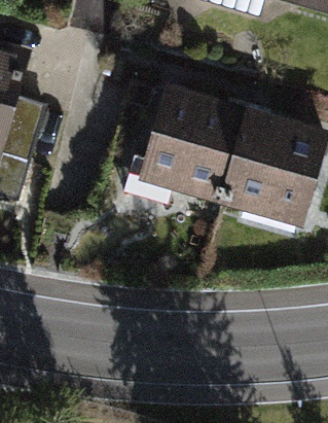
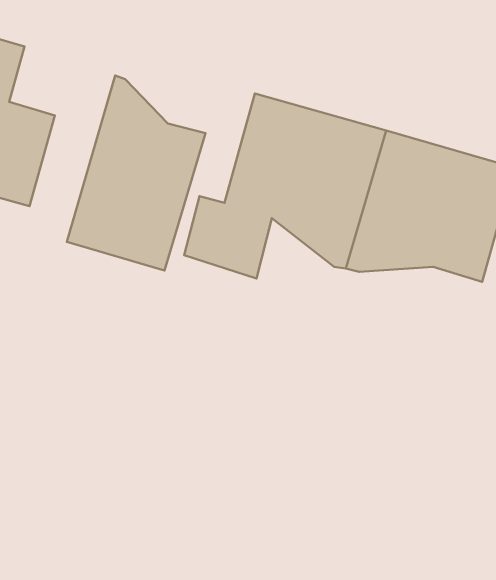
building: none -> [67,76,206,270]

